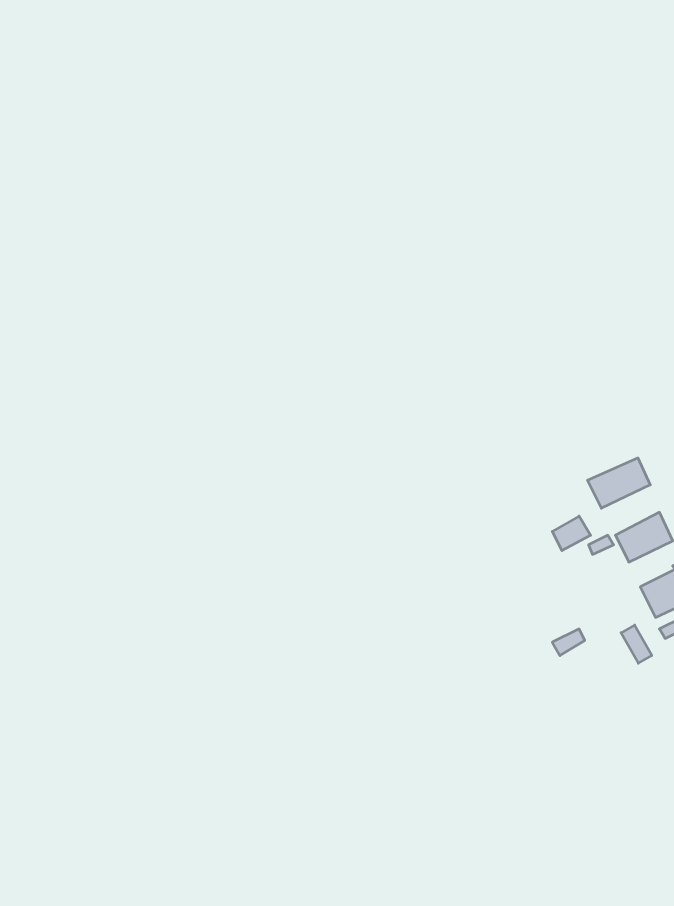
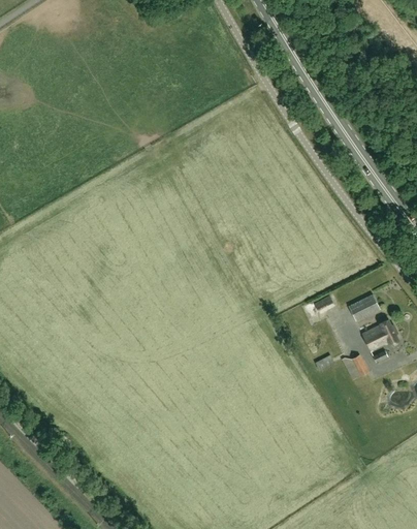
building: [588,458,650,508] -> none

